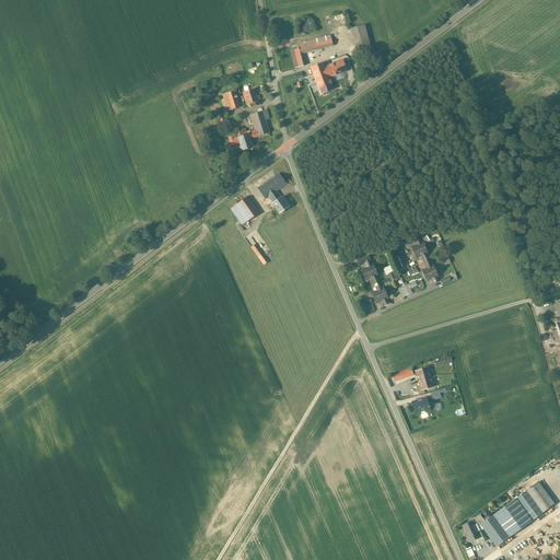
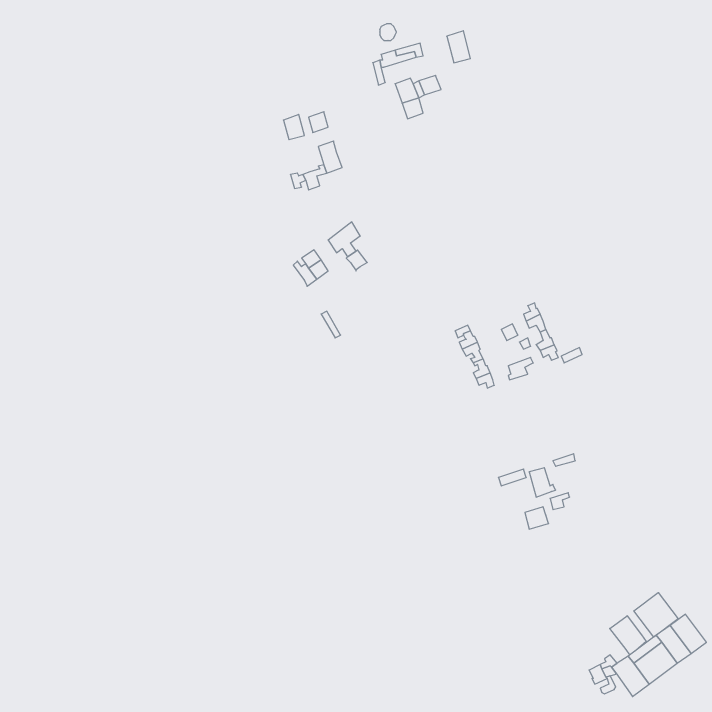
building: none -> [634,593,678,637]
building: none -> [610,616,646,655]

